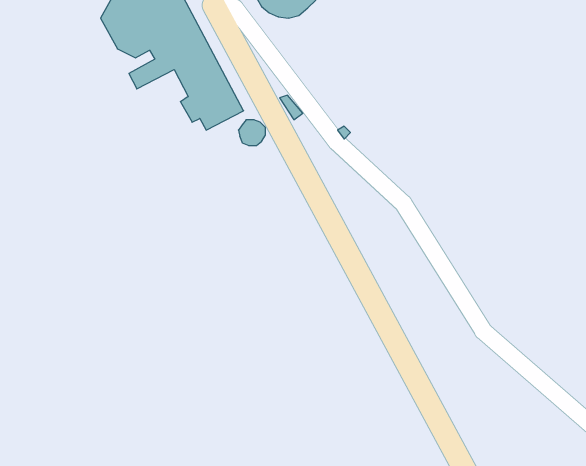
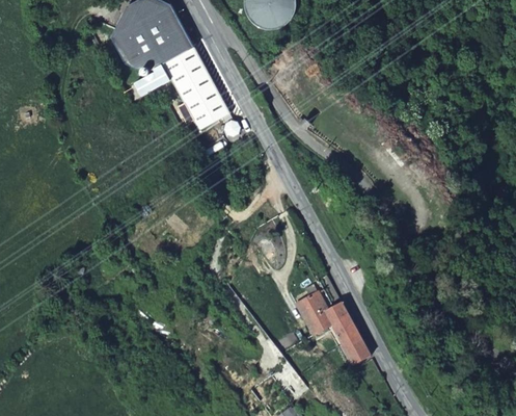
building: none -> [295,292,373,365]

